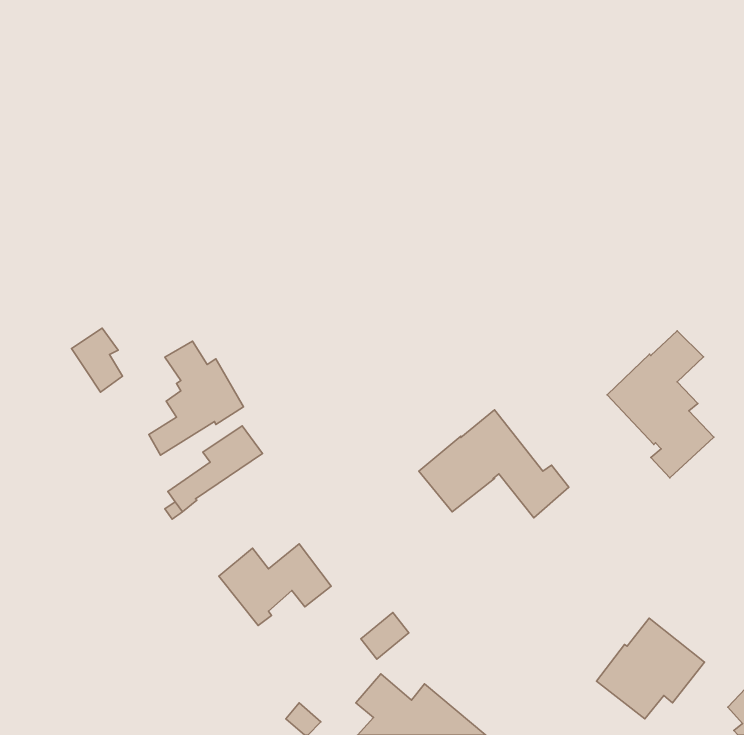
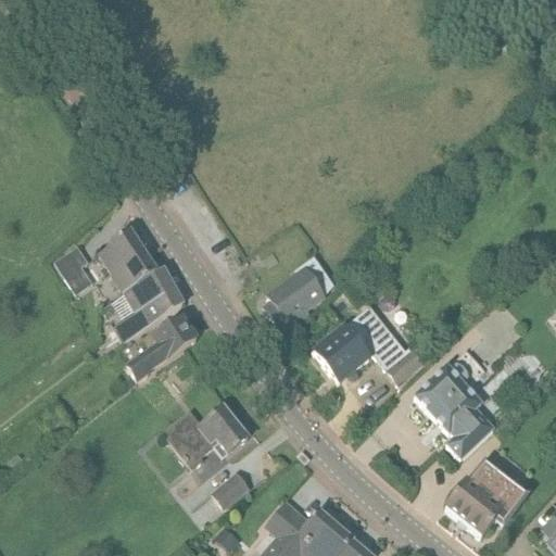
building: none -> [99,231,144,292]
building: [607,331,714,478] -> [414,348,493,457]
building: none -> [265,268,323,331]
building: [361,612,409,659] -> [213,470,249,505]

